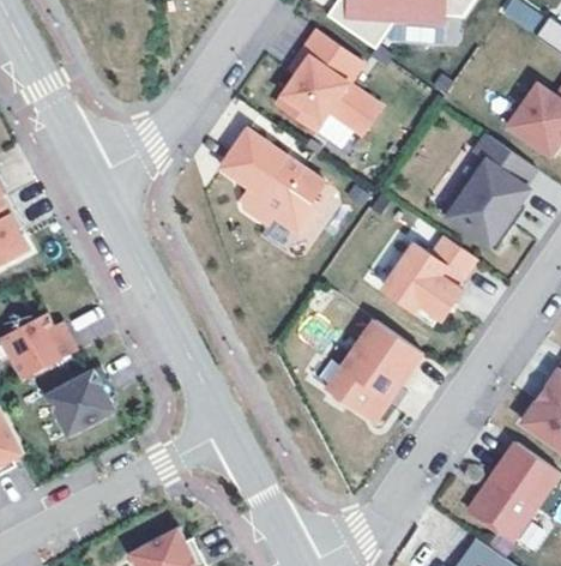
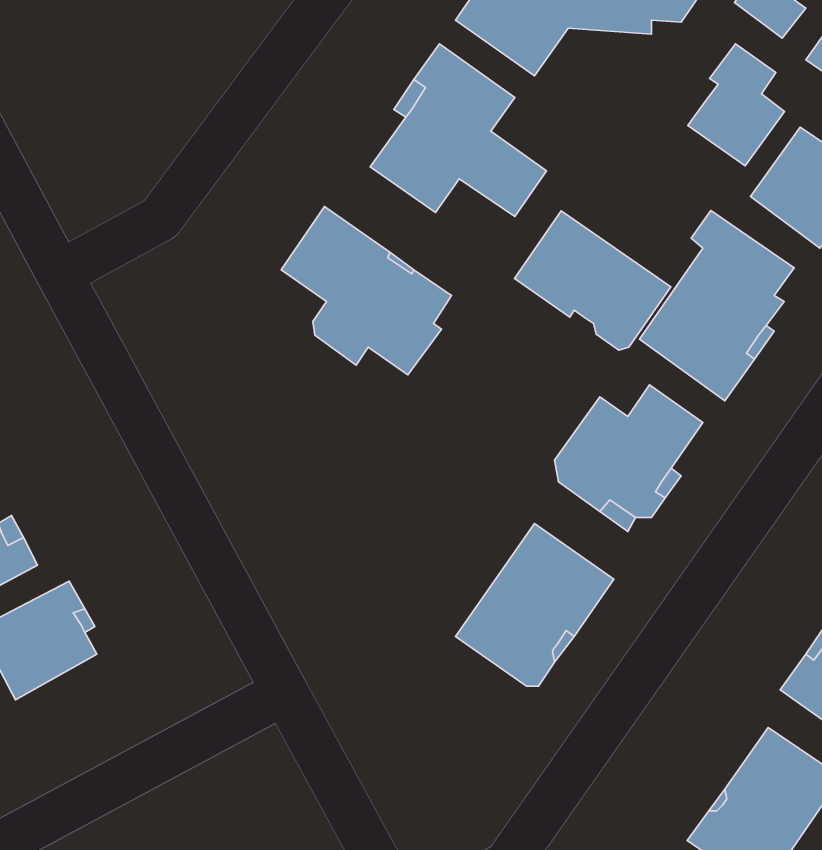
building: none -> [688,44,785,166]
building: none -> [514,211,671,350]

